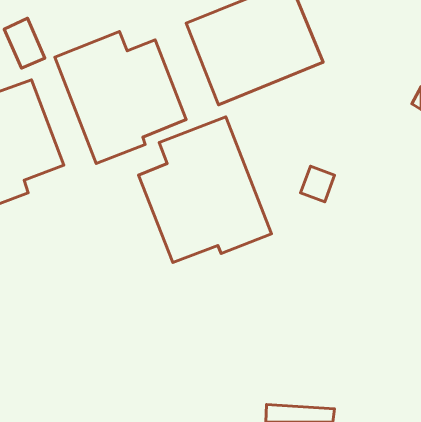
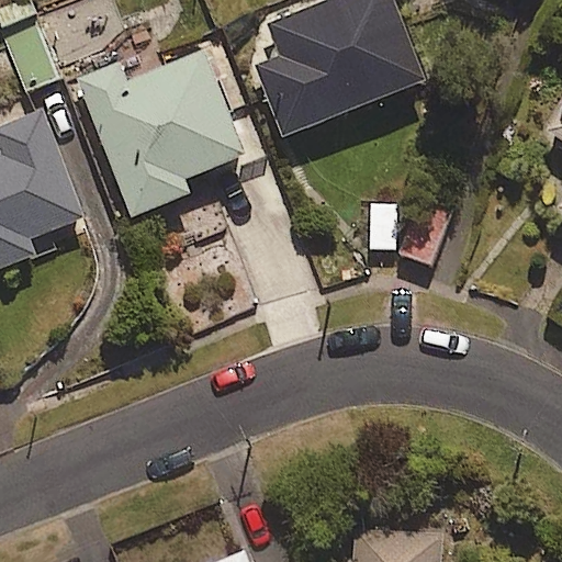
building: [138,117,272,262] -> none

